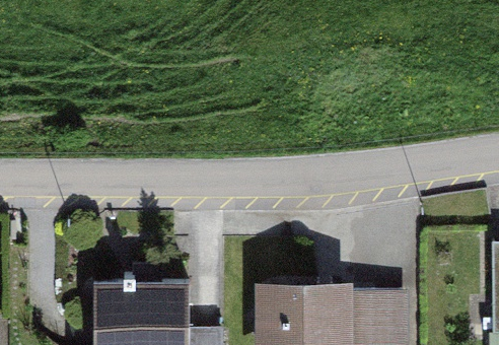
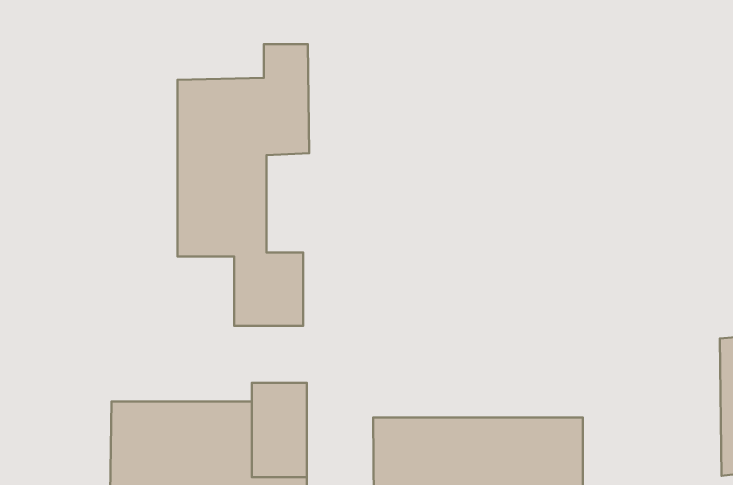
building: none -> [177,44,309,326]

